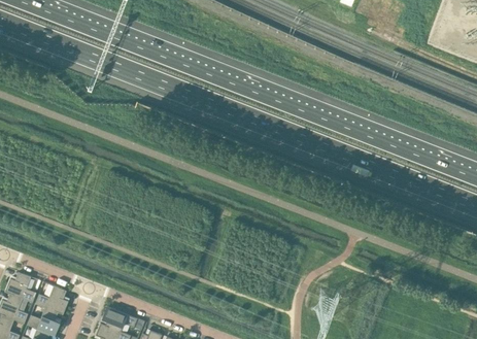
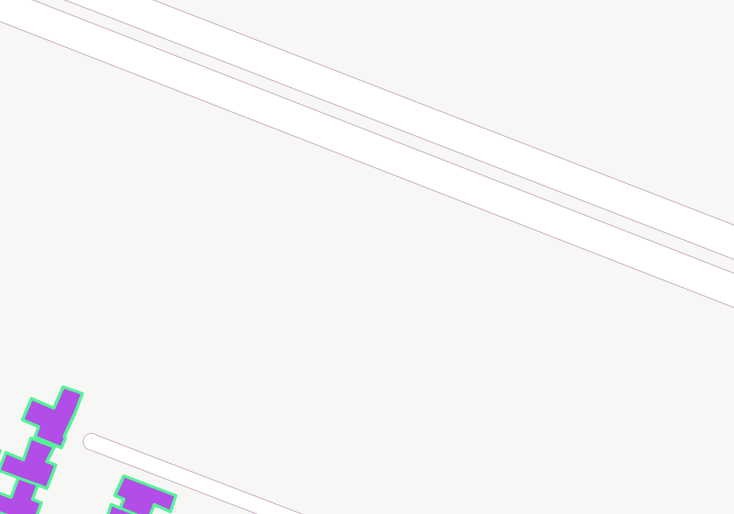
building: none -> [22,387,83,448]

